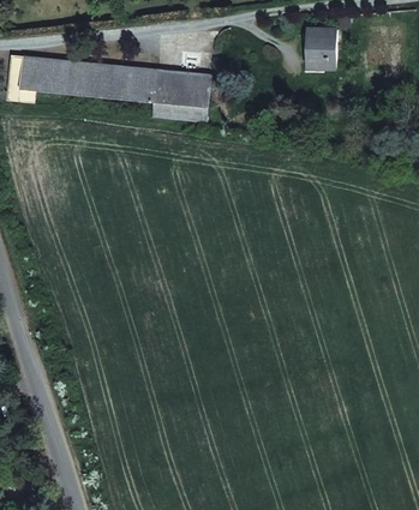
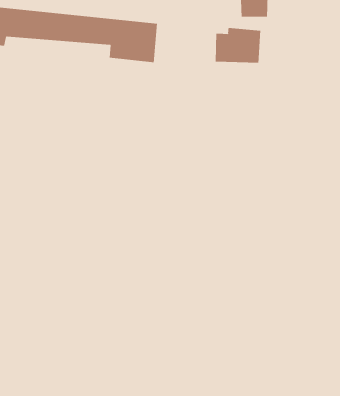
building: none -> [215,27,261,63]

